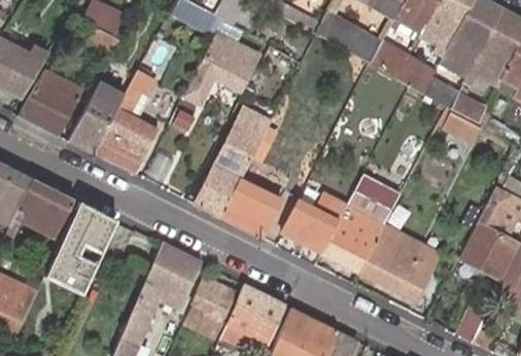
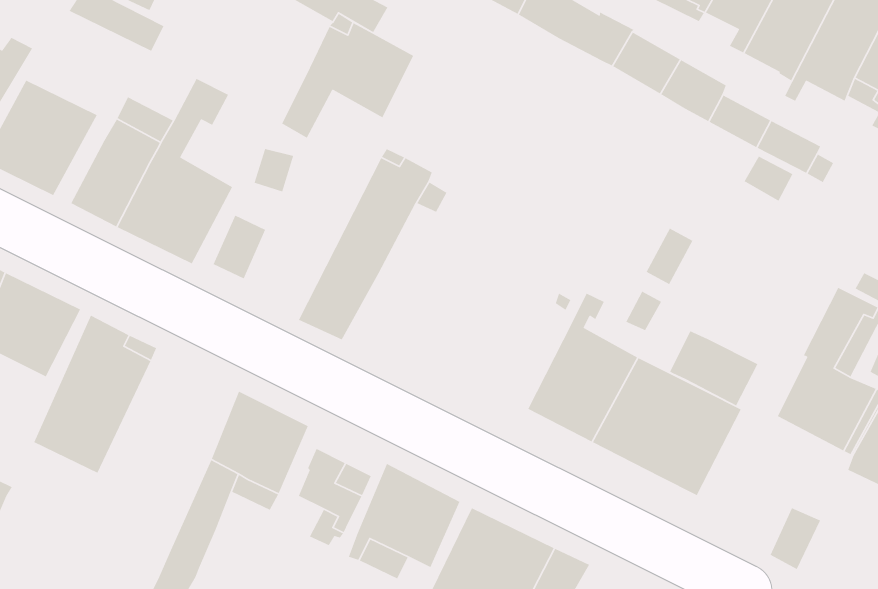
building: [219,179,281,239] -> none
building: [282,193,347,254] -> none
building: none -> [669,330,759,406]

